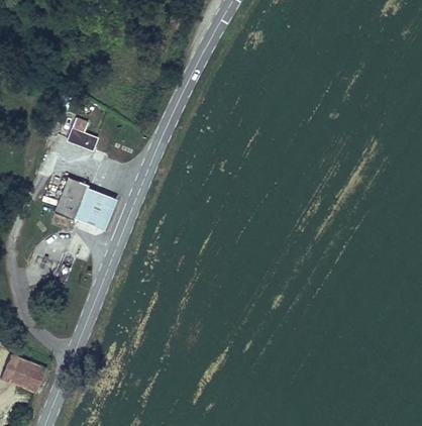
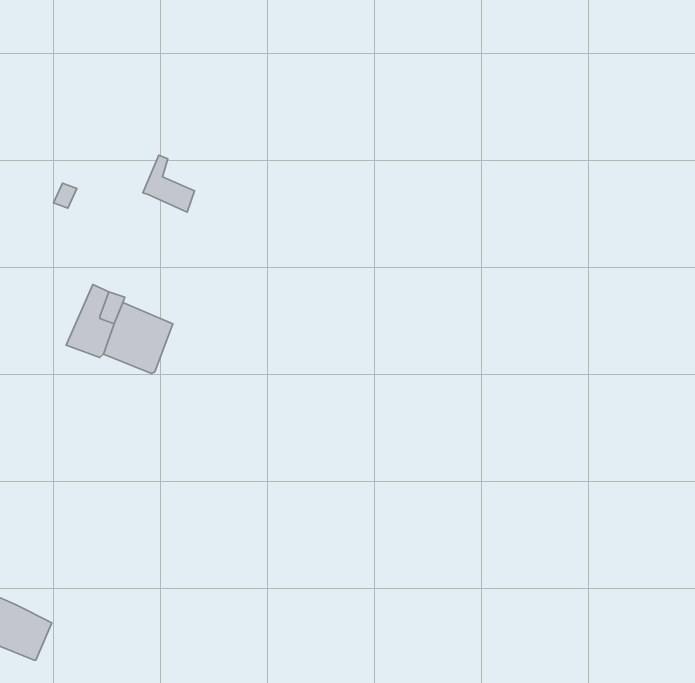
building: [69,118,98,150] -> [143,155,194,212]

